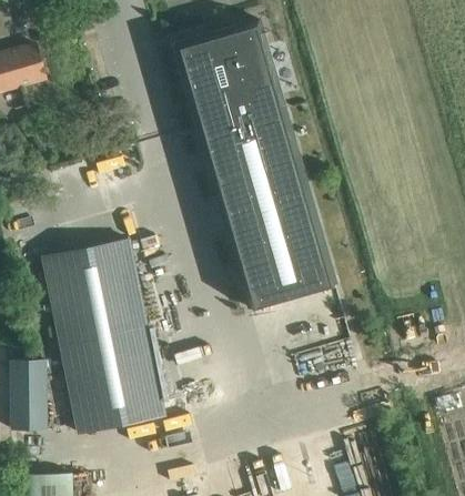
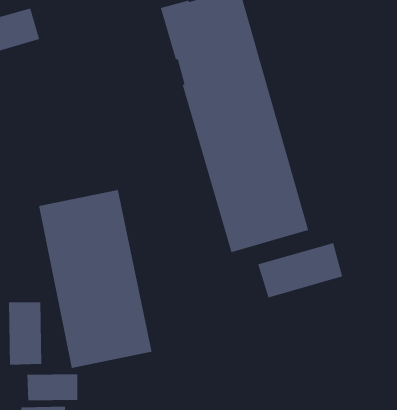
building: none -> [257,242,343,298]
building: none -> [27,373,78,401]

